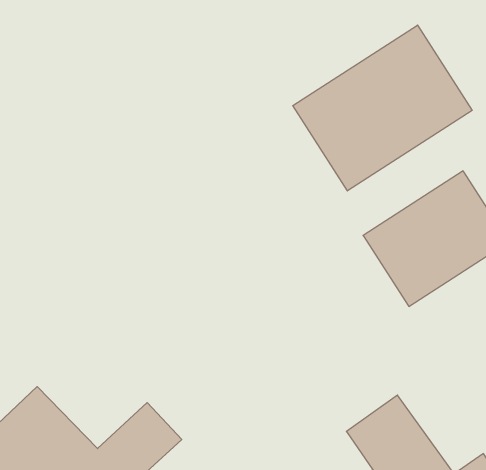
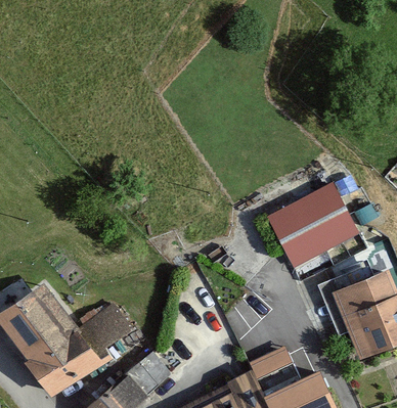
building: [293,25,472,191] -> none

